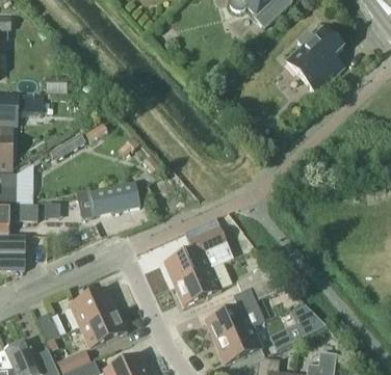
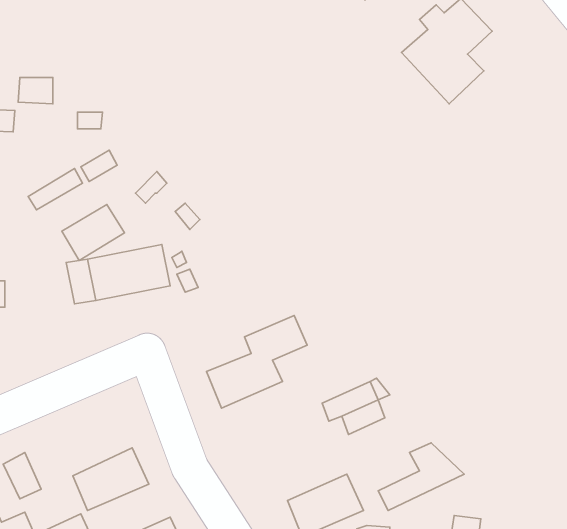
building: none -> [62,205,125,261]
building: [173,267,220,305] -> none
building: [69,287,116,326] -> none
building: [205,303,252,342] -> none

